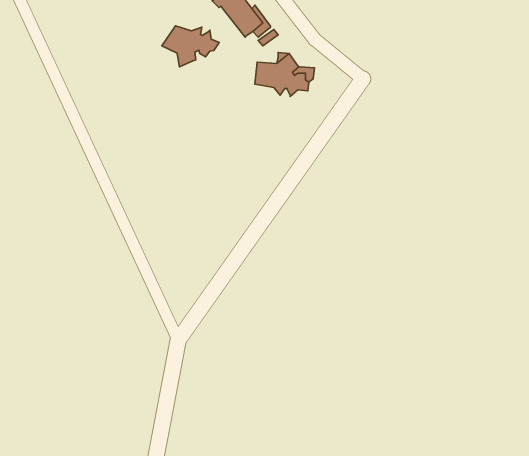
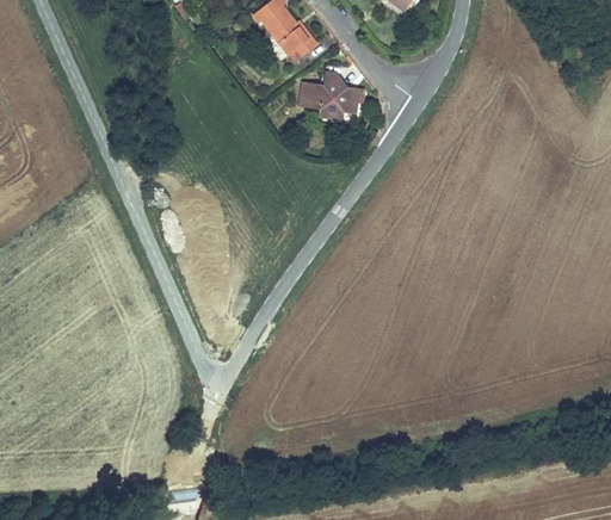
building: [162,26,219,67] -> none

